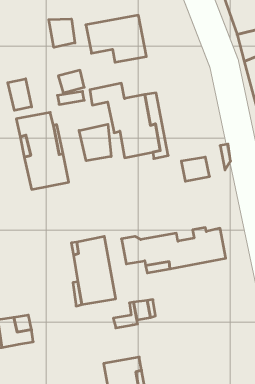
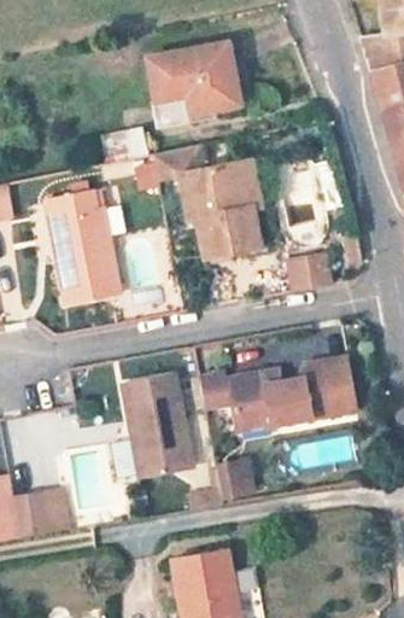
building: [49,19,75,47] -> none
building: [8,79,32,110] -> none
building: [79,124,111,161] -> none

